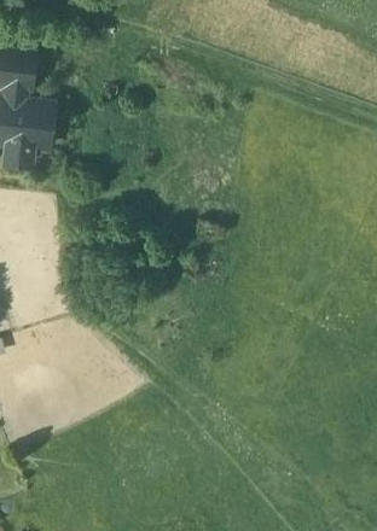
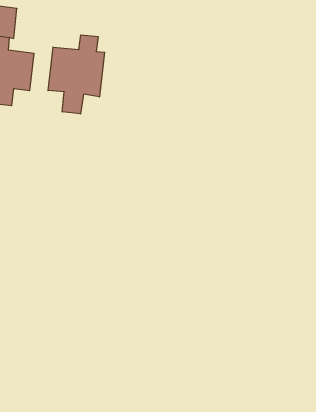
building: none -> [48,35,105,114]

